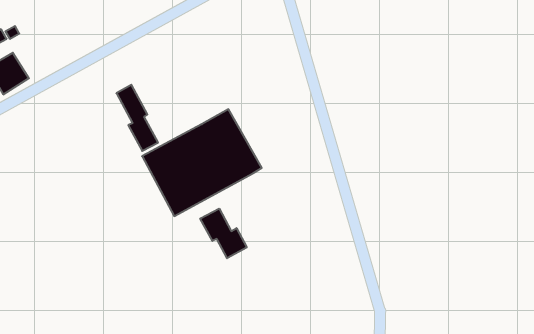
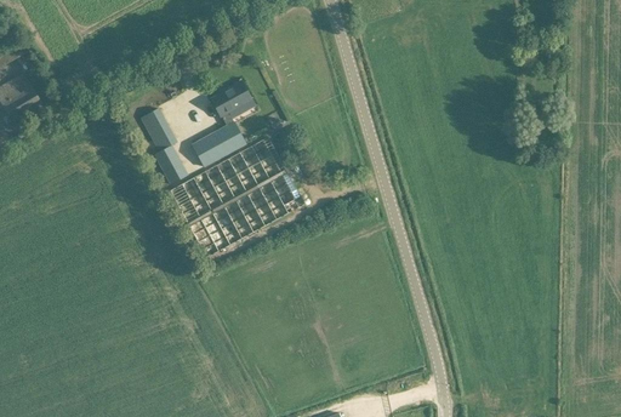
building: none -> [192,81,251,168]
building: [200,209,247,258] -> none

